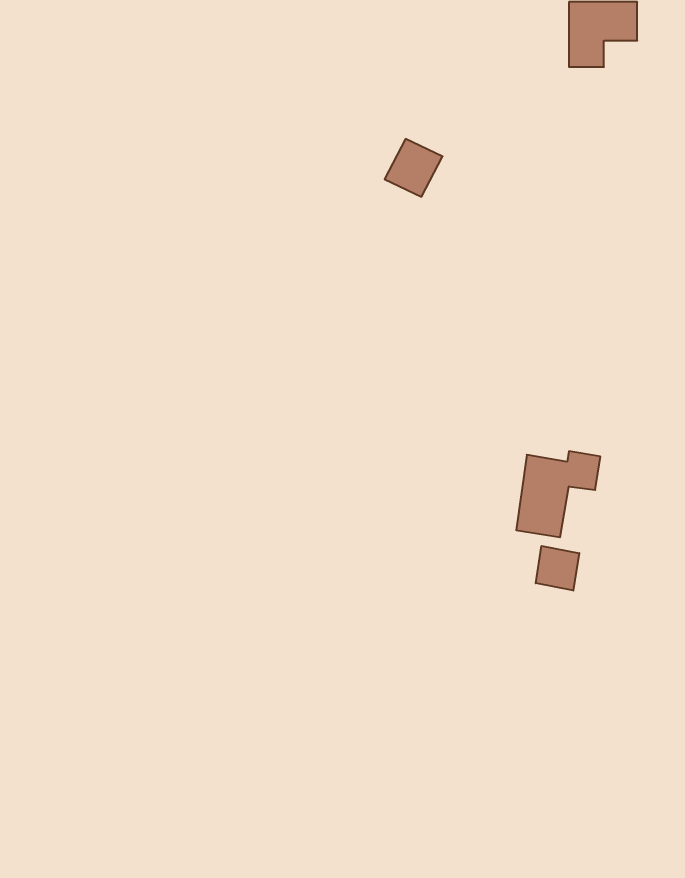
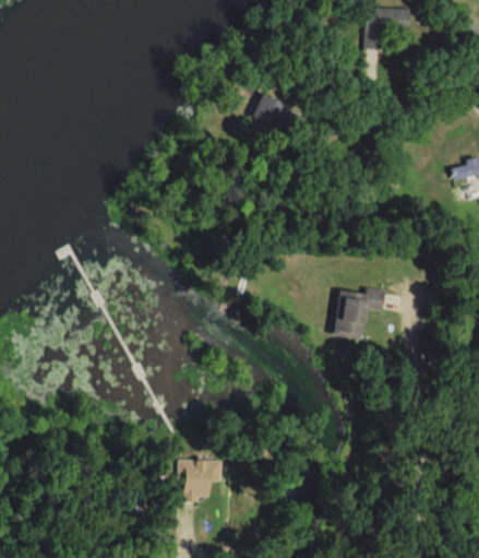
building: [536,546,579,591] -> none
building: none -> [181,460,221,499]

